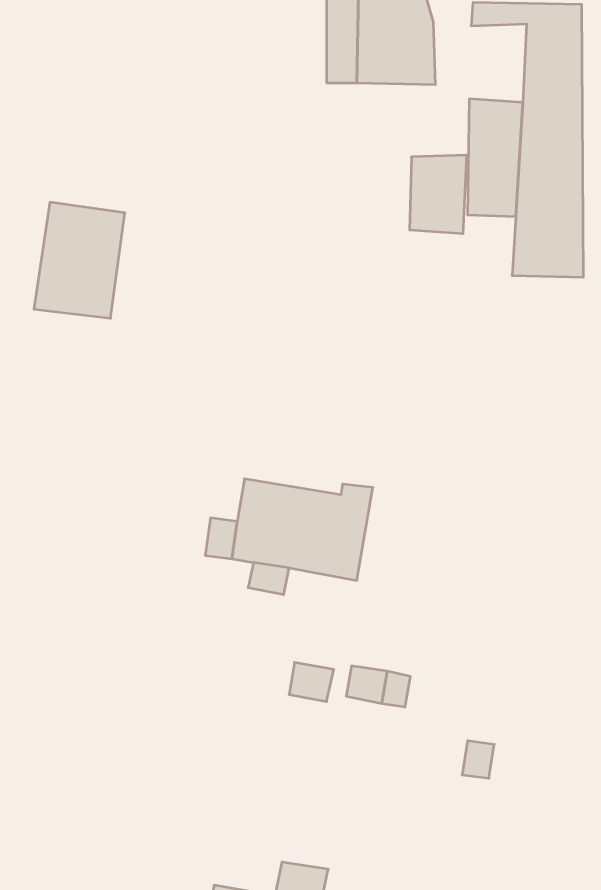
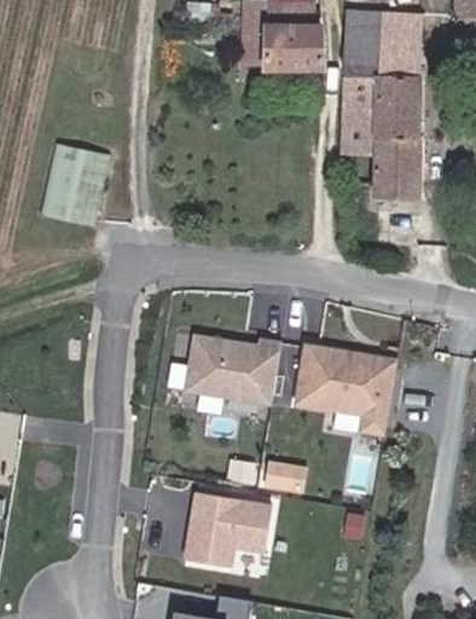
building: [410,155,467,234] -> [344,25,383,79]
building: none -> [294,343,394,433]
building: none -> [182,491,269,565]

